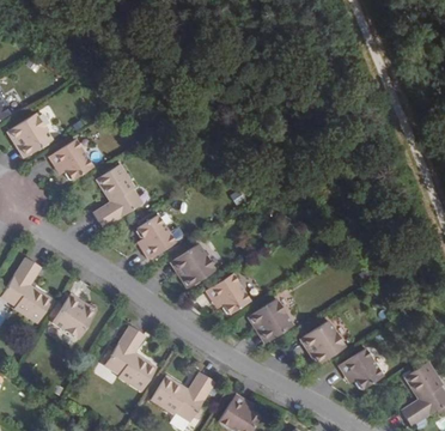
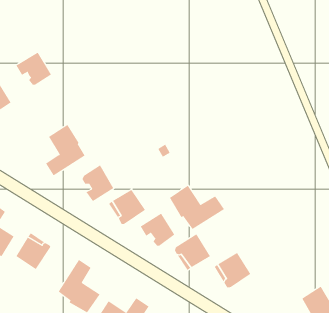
building: [45,135,90,176] -> [15,52,52,85]
building: none -> [169,185,225,230]
building: [336,345,379,386] -> none

